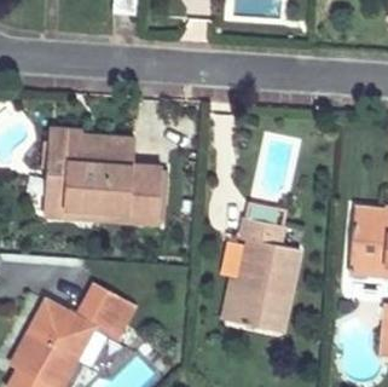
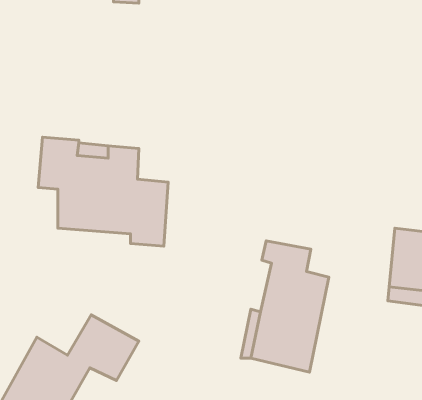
building: [44,173,127,221] -> none

